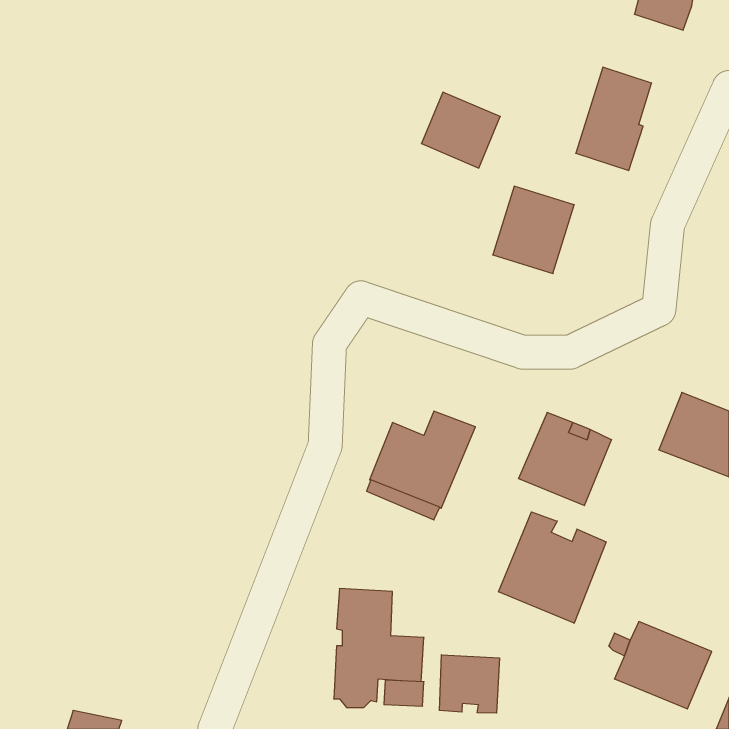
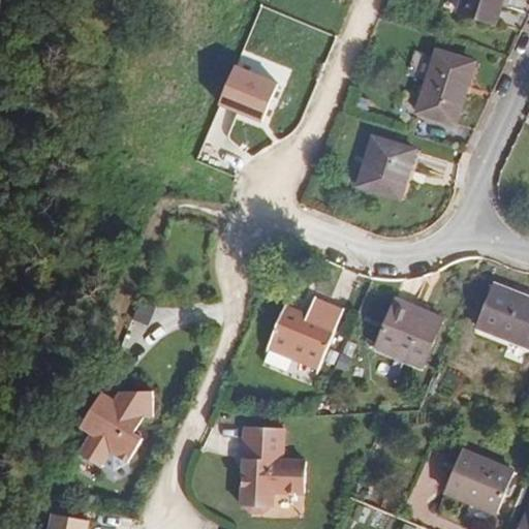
building: [421,92,500,168] -> [220,63,277,118]
building: [499,512,606,623] -> none
building: none -> [77,390,151,469]
building: [439,655,499,713] -> none

